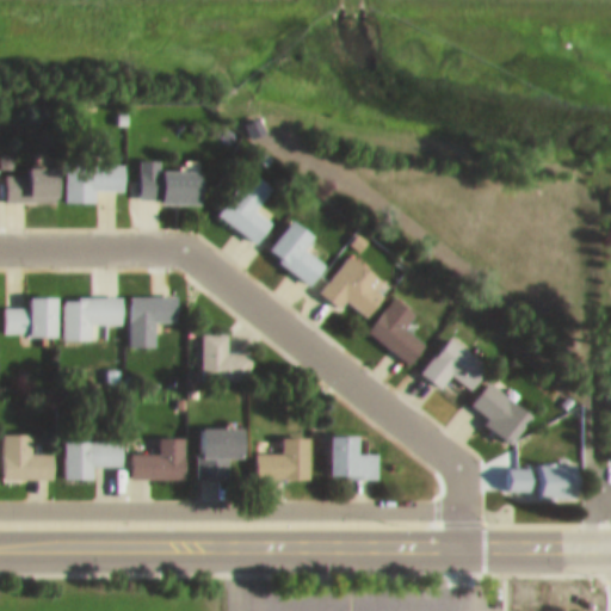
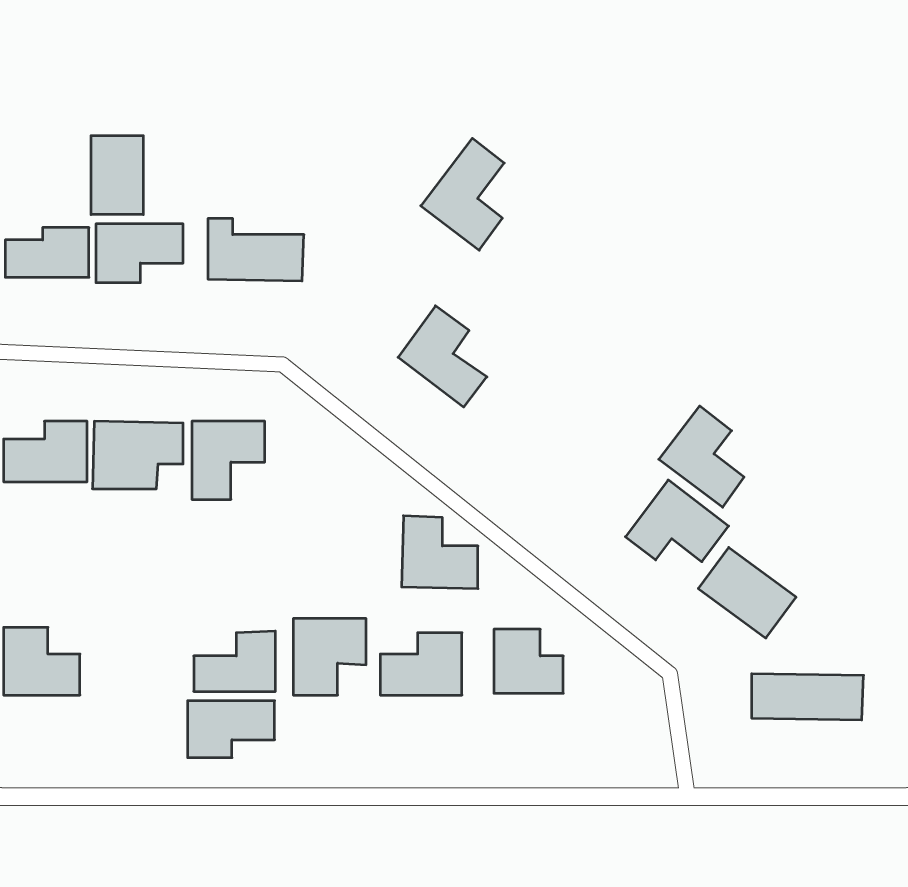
building: none -> [91,136,143,215]
building: [217,171,273,246] -> [421,138,504,250]
building: [320,255,391,319] -> none
building: [368,298,425,366] -> [659,406,744,507]
building: [200,334,252,383] -> [402,516,478,589]
building: [64,442,123,480] -> [188,701,275,758]

